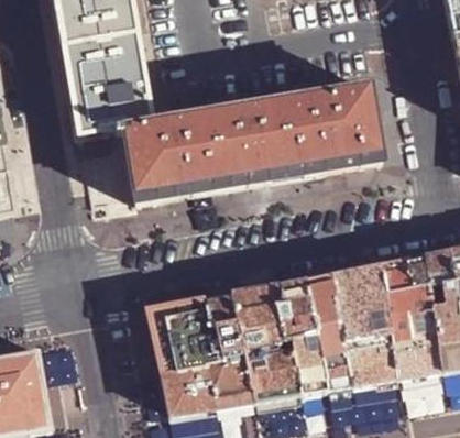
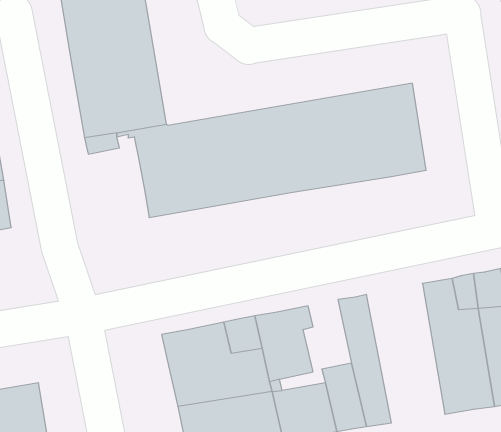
building: [328,261,397,384] -> none
building: [272,275,315,339] -> none

